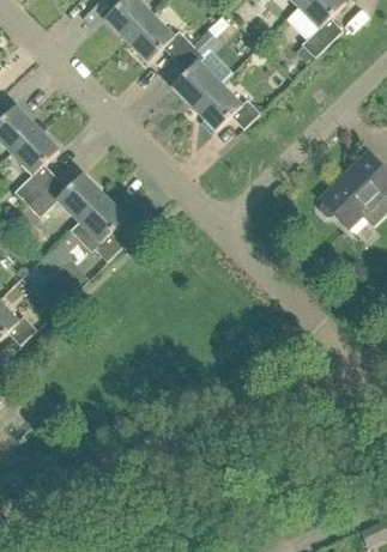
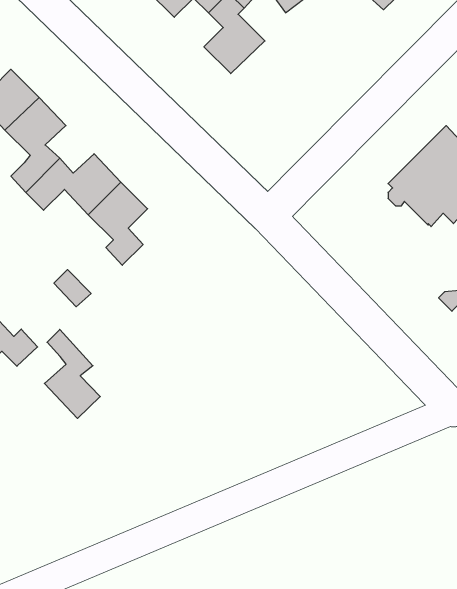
building: [193,81,259,129] -> none
building: none -> [44,329,100,418]

